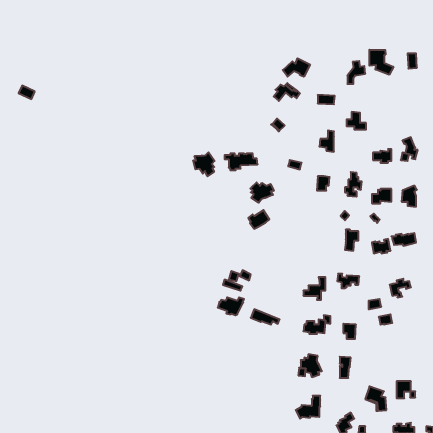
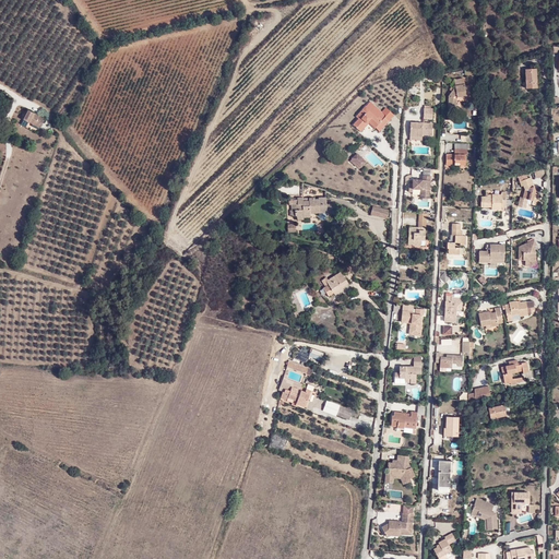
building: [369,50,393,75] -> none
building: [283,58,310,77] -> none
building: [193,152,215,176] -> none
building: [250,182,274,203] -> none
building: none -> [401,305,421,337]

